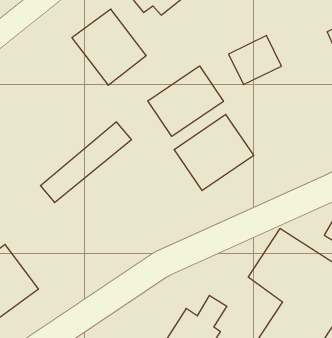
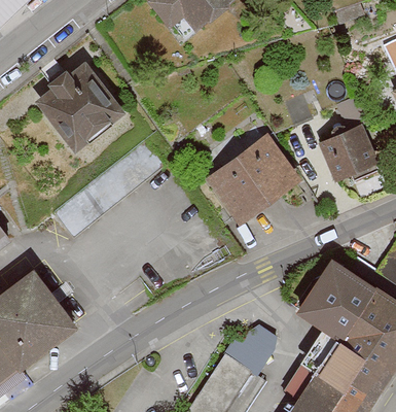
building: [72,9,146,85] -> [41,60,123,144]
building: [229,35,281,85] -> [323,124,382,178]
building: [148,66,223,136] -> none

